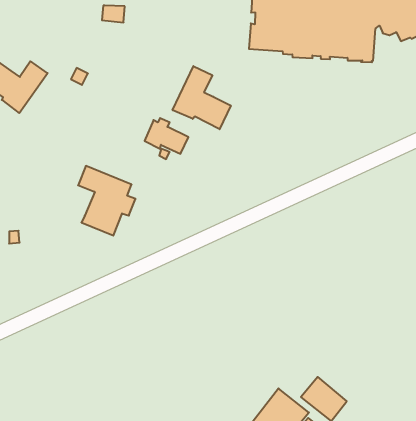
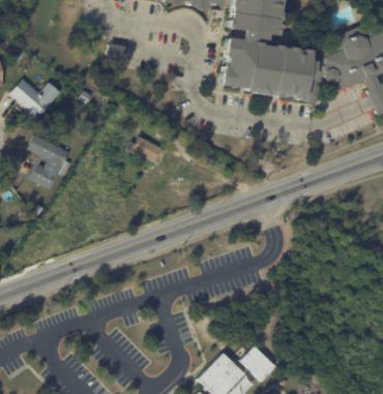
building: [173,66,231,129] -> none
building: [78,166,136,236] -> [31,132,75,188]

